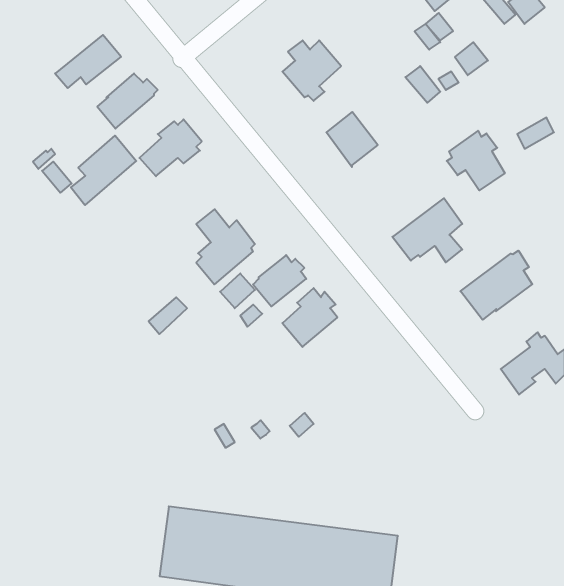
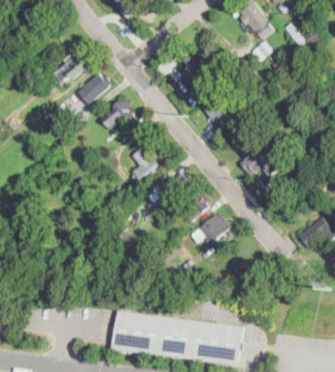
building: [447,131,505,190] -> none
building: [71,136,136,205] -> none
building: [460,251,532,320] -> none
building: none -> [197,213,230,246]

